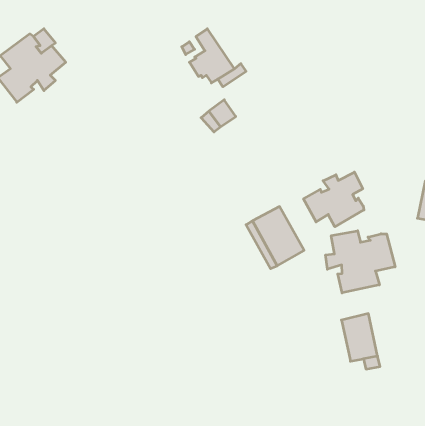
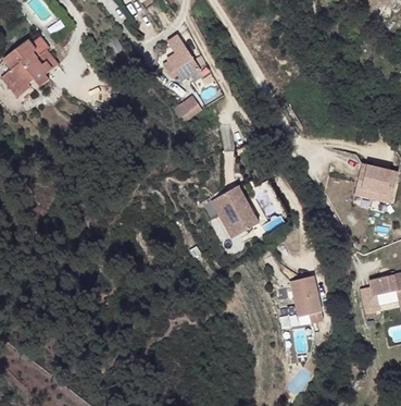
building: [304,172,364,227] -> none
building: [326,231,395,293] -> none

